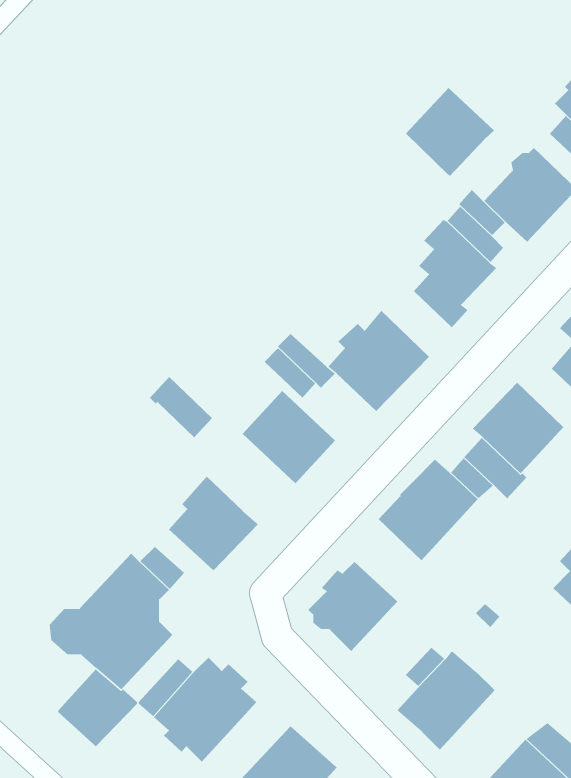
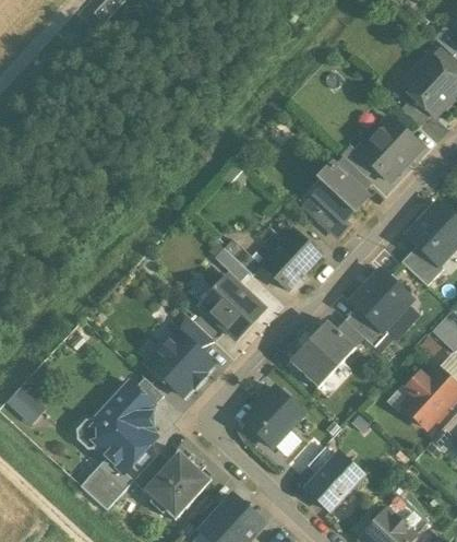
building: [405,87,495,177] -> none
building: [149,376,213,438] -> [173,316,215,356]

